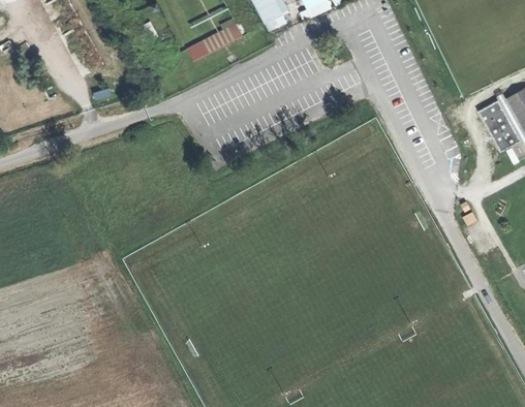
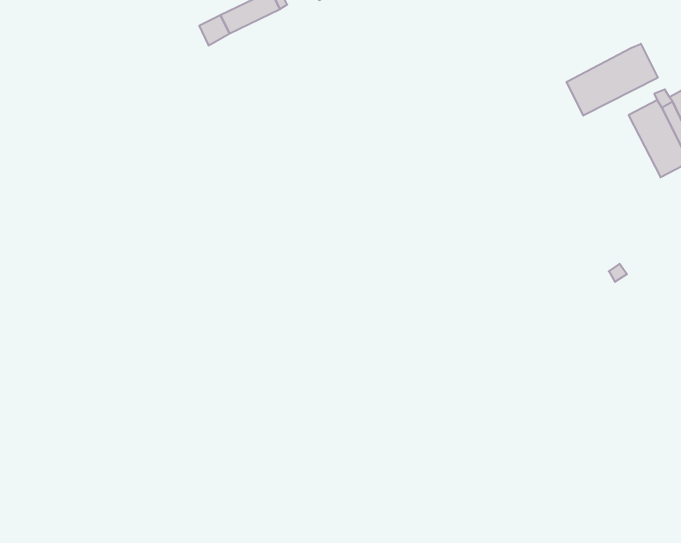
building: none -> [567,44,658,116]

